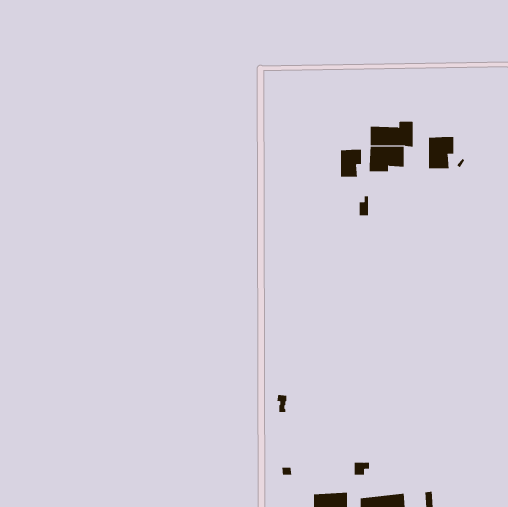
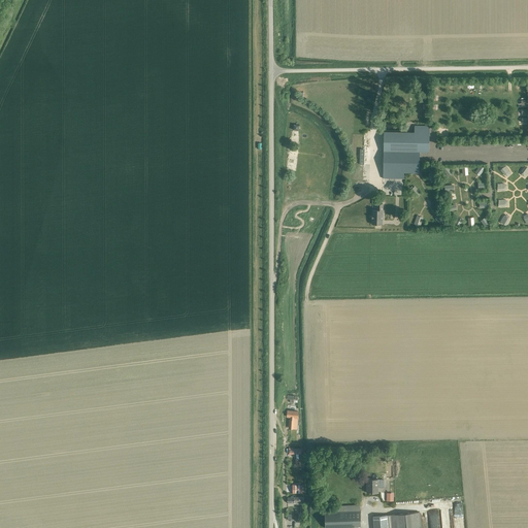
building: [429,136,454,169] -> none
building: [340,149,361,178] -> none

